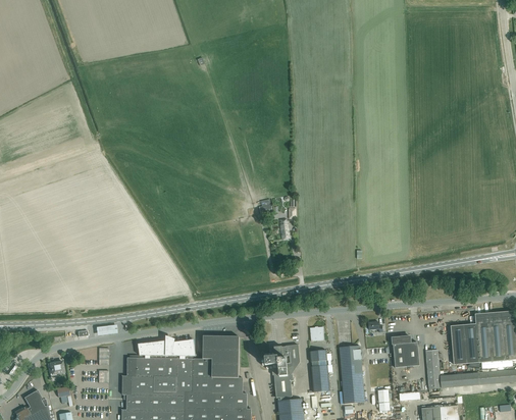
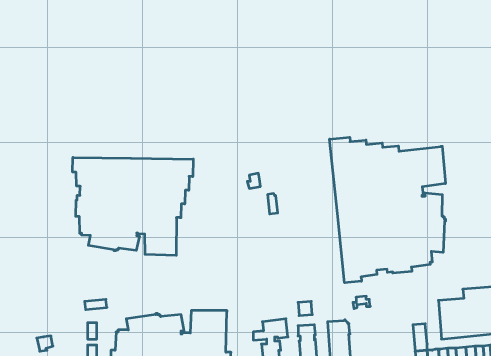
building: none -> [330,137,446,283]
building: none -> [73,157,193,255]
building: [392,336,419,368] -> none

